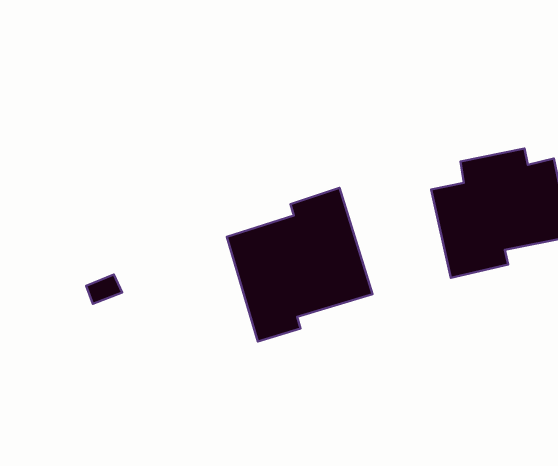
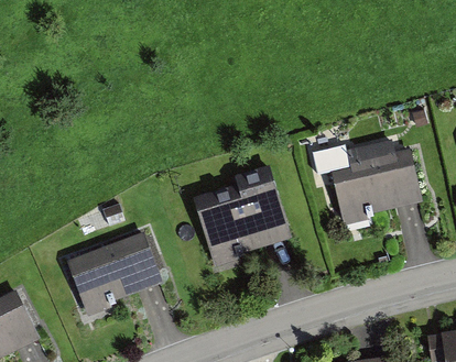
building: none -> [67,228,165,315]

